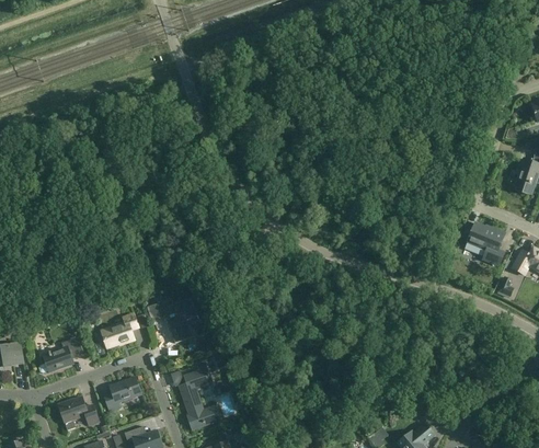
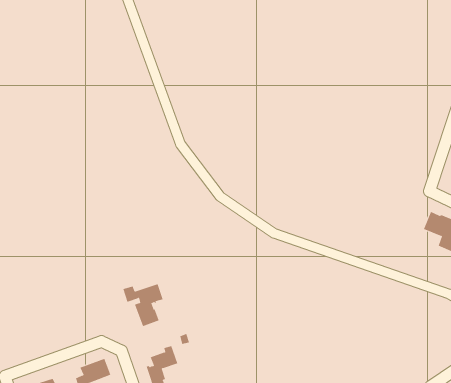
building: [101,312,139,353] -> none
building: [39,336,84,372] -> none

